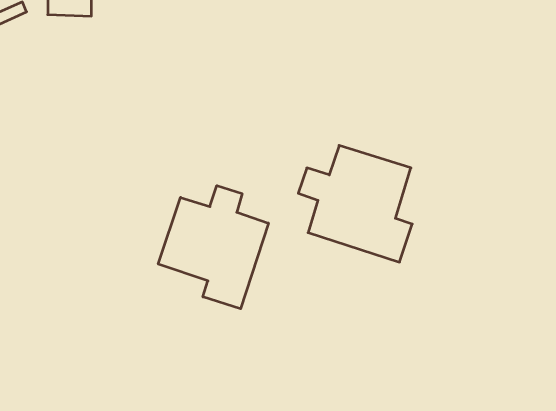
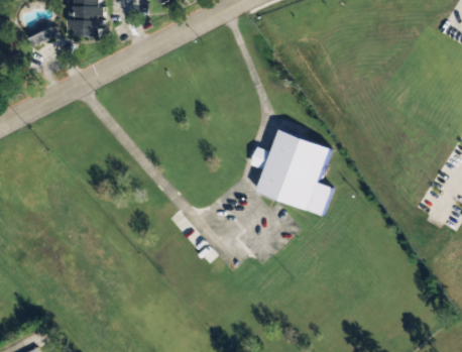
building: [158,186,268,309] -> none

